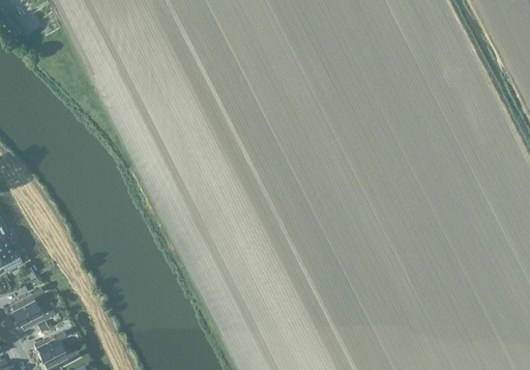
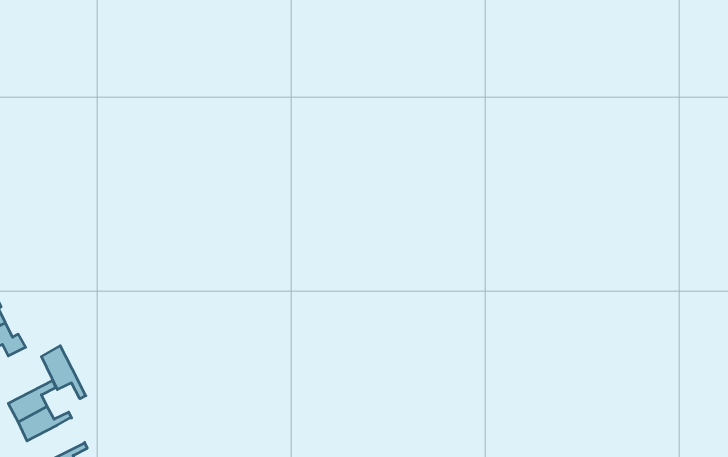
building: none -> [41,346,86,399]

